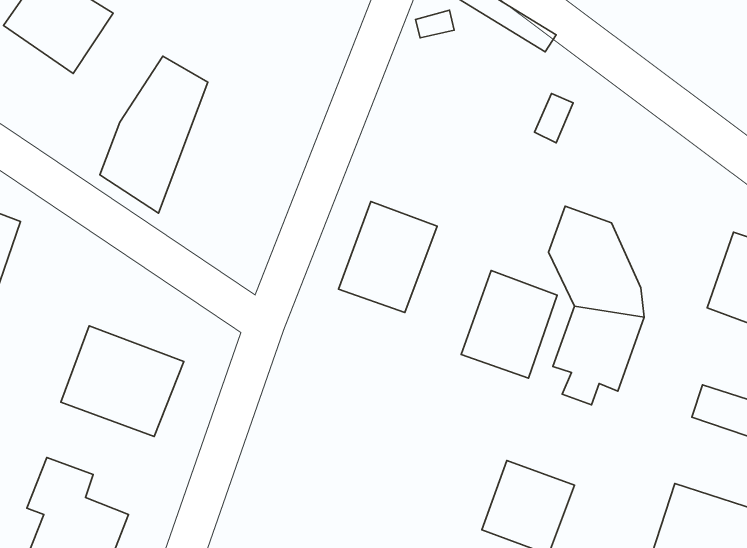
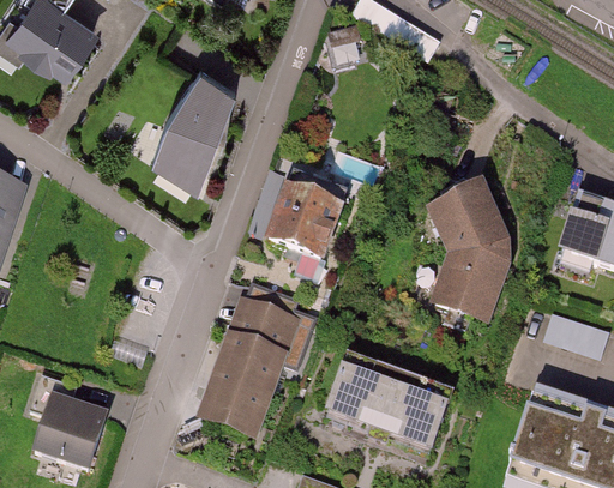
building: [100,56,208,213] -> [154,64,237,186]
building: [461,271,557,378] -> none
building: [61,326,184,436] -> none
building: none -> [206,303,313,432]
building: none -> [329,355,401,428]

